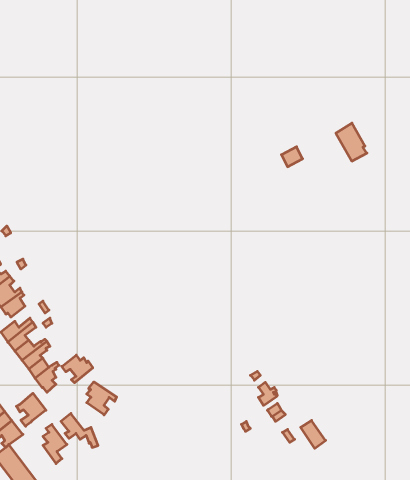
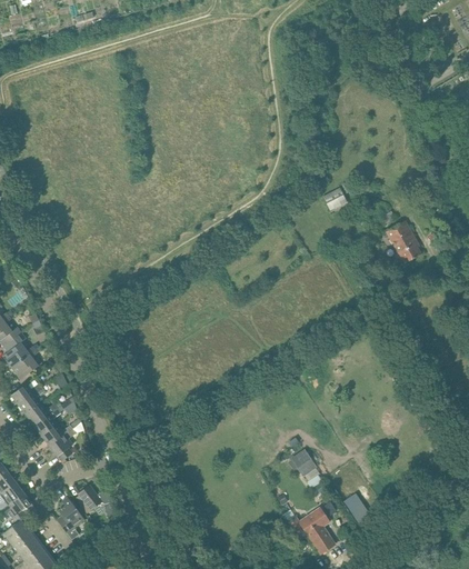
building: [336,123,367,161] -> [387,220,421,262]
building: [62,355,93,383] -> none
building: [87,382,117,415] -> none
building: [16,393,46,426] -> none
building: none -> [287,507,335,553]

